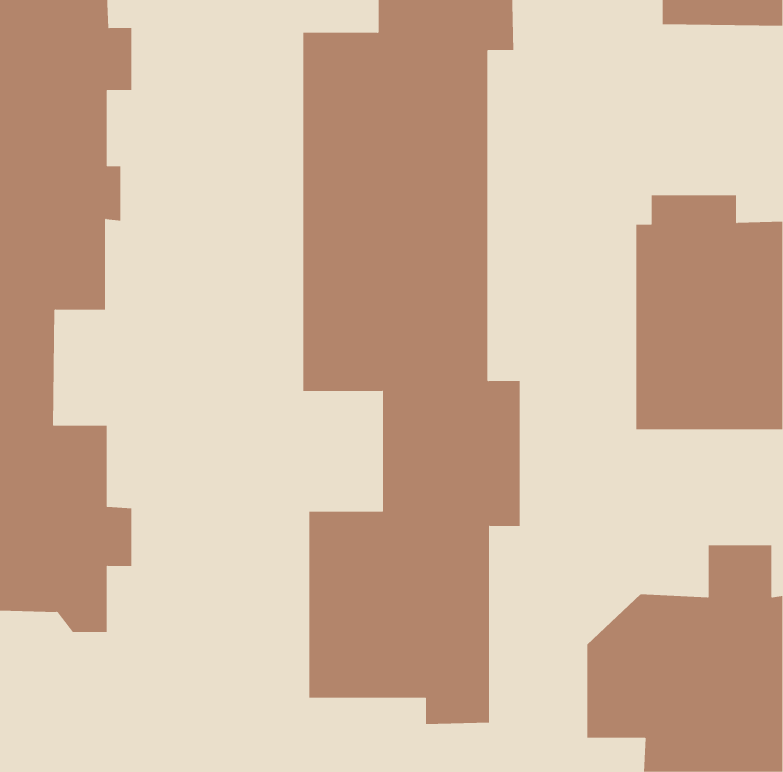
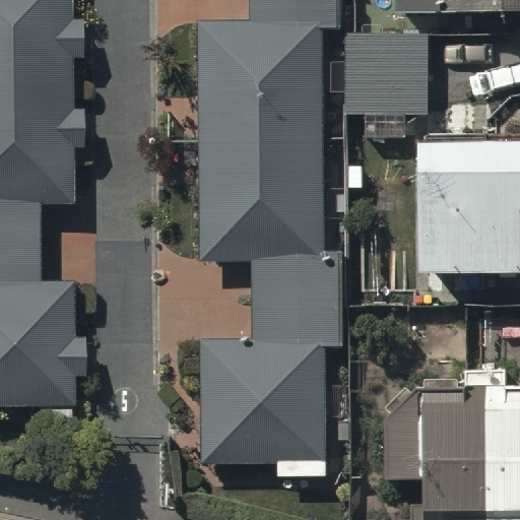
building: none -> [347,24,430,114]

